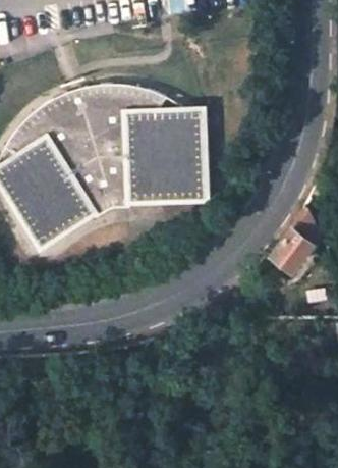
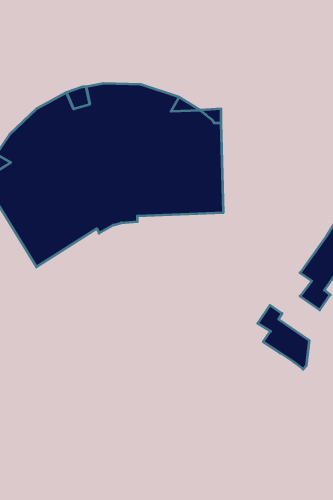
building: none -> [258,305,309,369]

